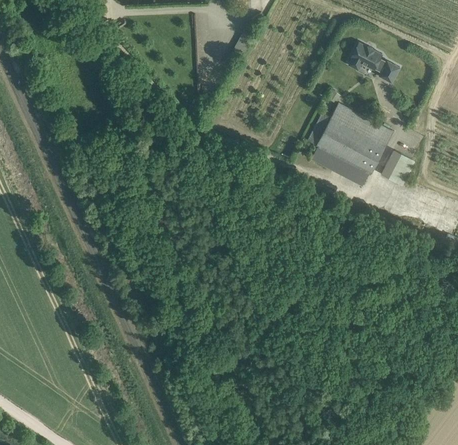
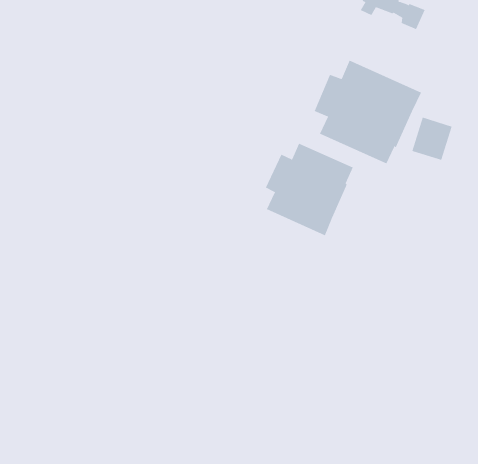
building: none -> [265,143,353,236]

